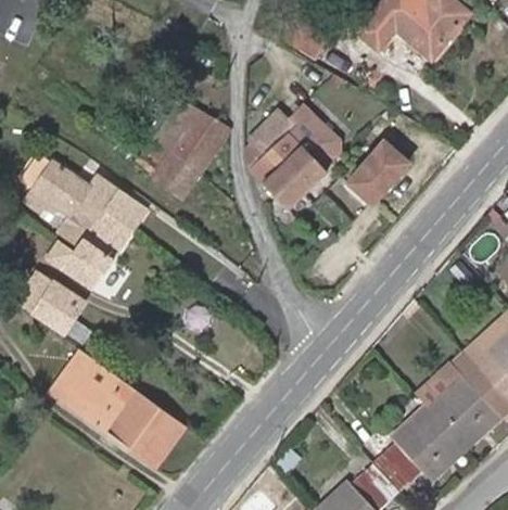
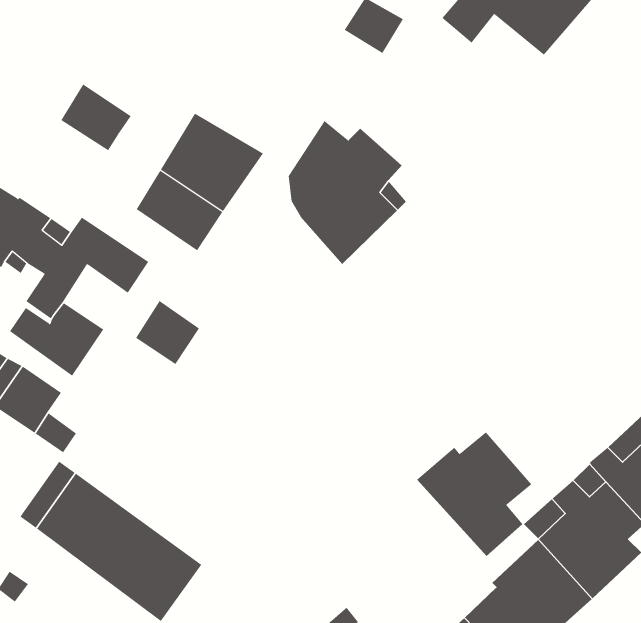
building: none -> [60,84,132,151]
building: [348,139,410,203] -> none
building: [85,209,131,256] -> [135,300,200,365]
building: none -> [416,431,532,557]

